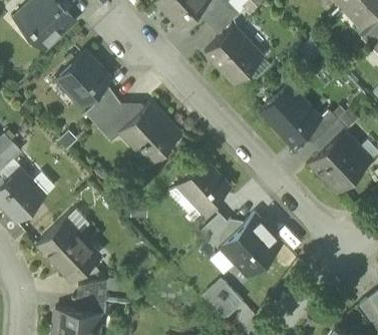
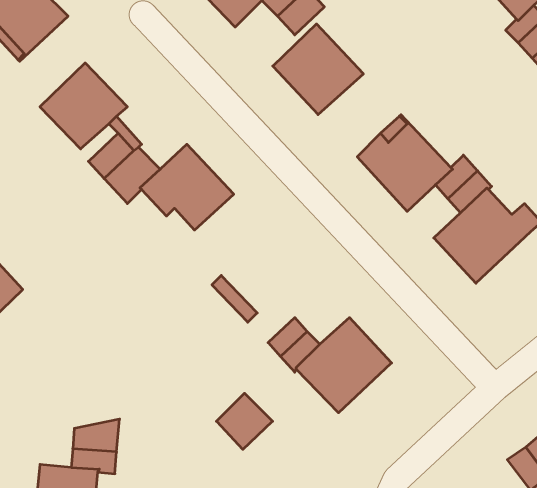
building: [177,161,231,214] -> none
building: [38,220,100,282] -> none
building: [208,285,244,321] -> [216,393,273,449]

